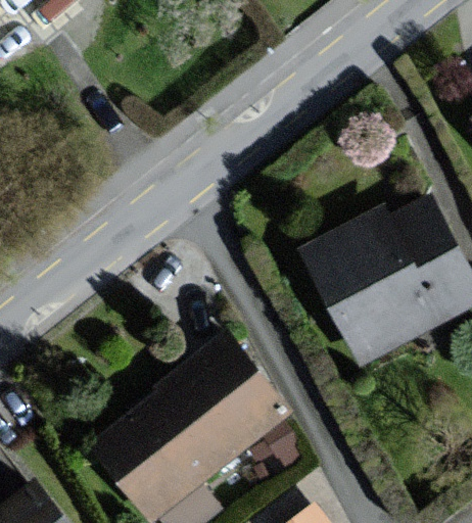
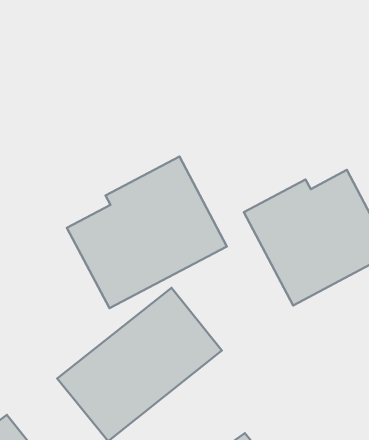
building: none -> [67,156,227,308]

